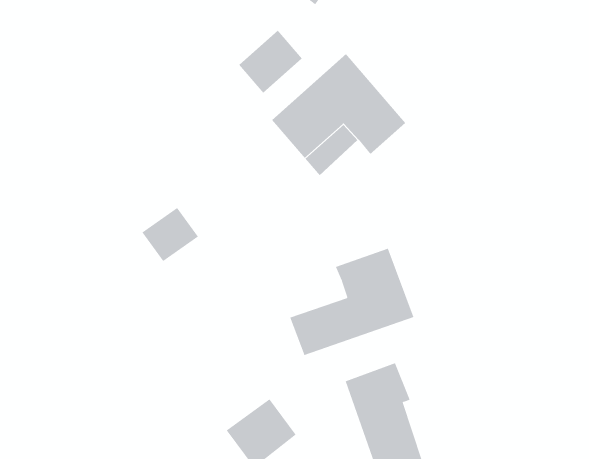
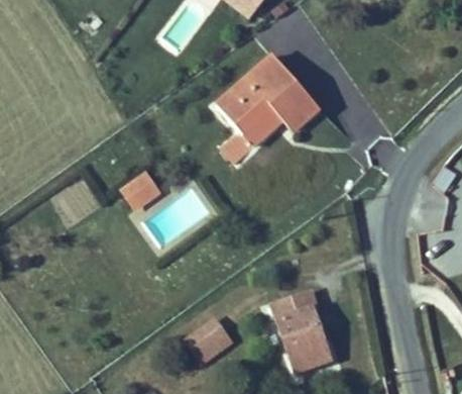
building: [238,30,302,94] -> none
building: [290,248,414,356] -> none

